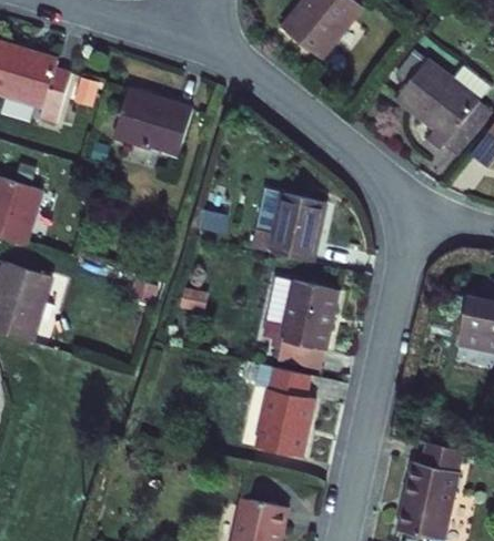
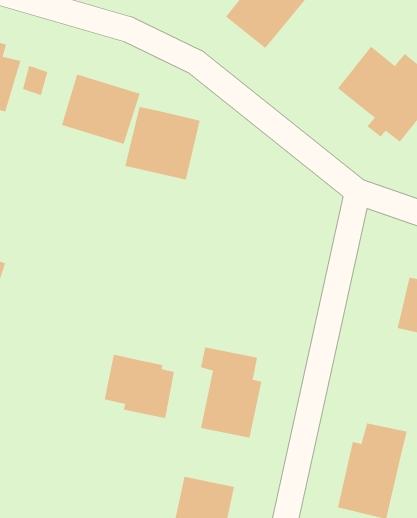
building: [250,186,327,262] -> [125,106,201,180]
building: [275,279,341,371] -> none
building: none -> [104,354,174,419]

